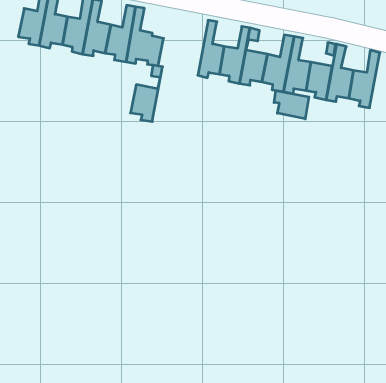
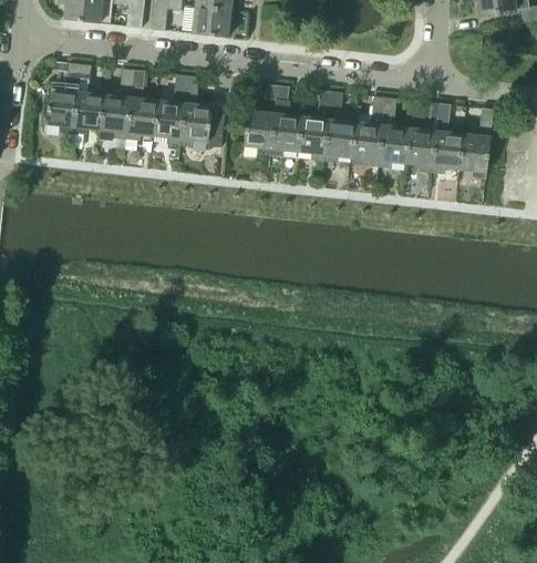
building: [130,65,163,122] -> [242,84,278,154]
building: [274,91,309,119] -> none

